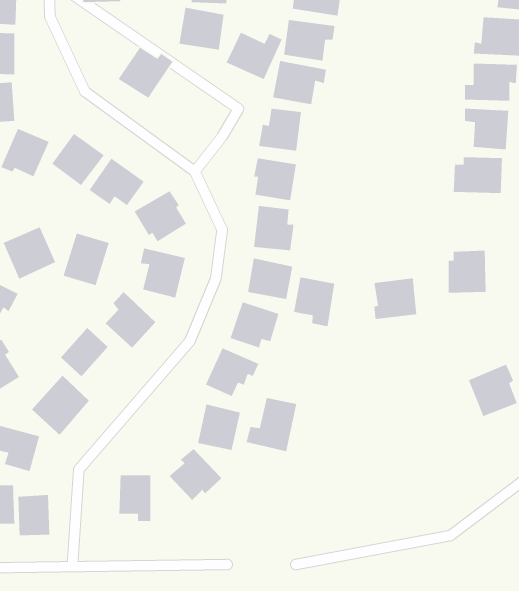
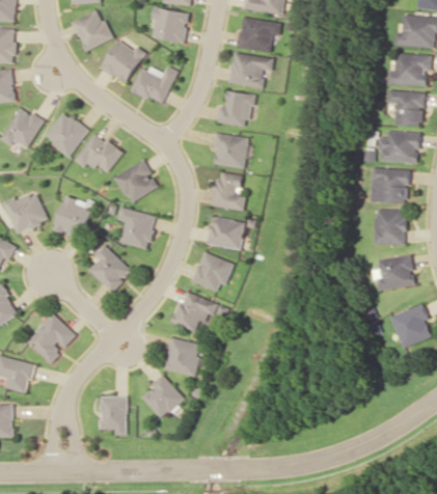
building: none -> [71,8,111,51]
building: [225,32,283,80] -> [130,63,177,104]
building: none -> [371,168,408,202]
building: [293,276,335,327] -> none
building: [373,278,417,320] -> [378,254,414,290]
building: [60,327,109,377] -> none
building: [245,397,297,452] -> none
building: [17,494,50,536] -> none

